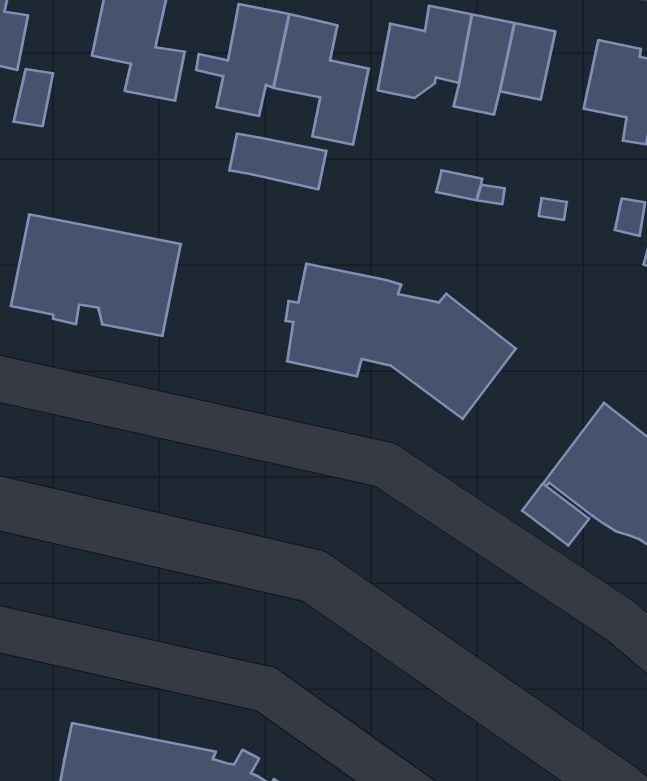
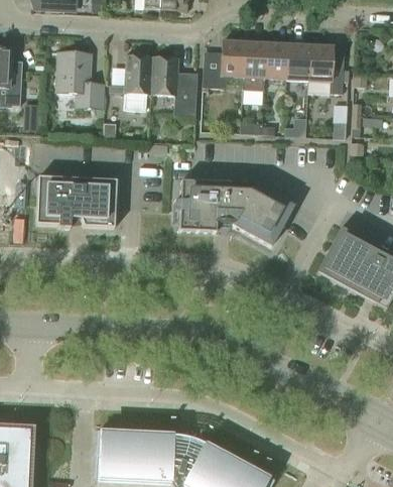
building: none -> [285,43,309,80]
building: [229,134,326,189] -> none
building: [522,484,589,546] -> none

